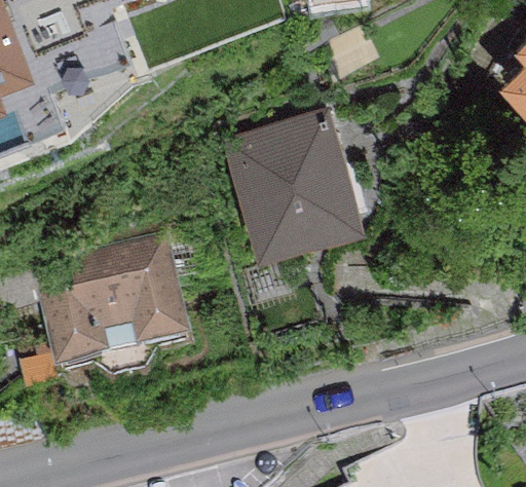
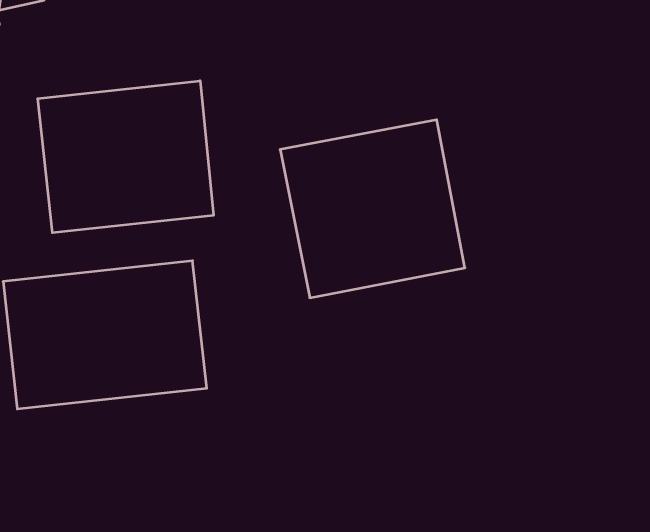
building: none -> [38,81,213,233]

